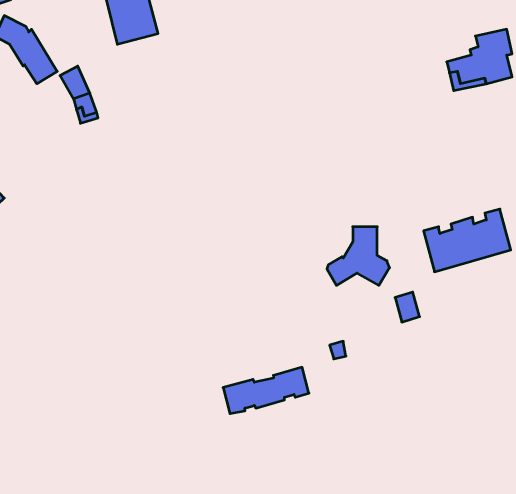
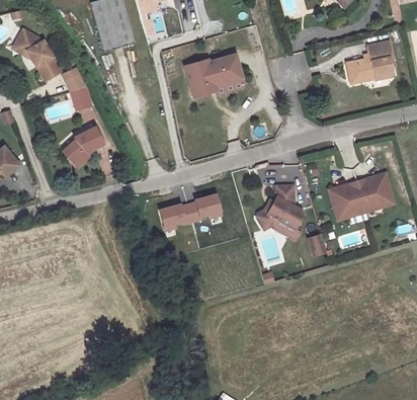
building: none -> [185,55,245,96]
building: none -> [62,126,101,165]
building: [223,367,309,414] -> [158,193,222,228]

